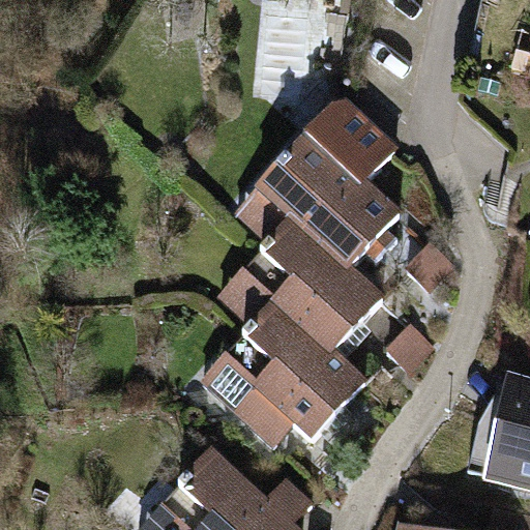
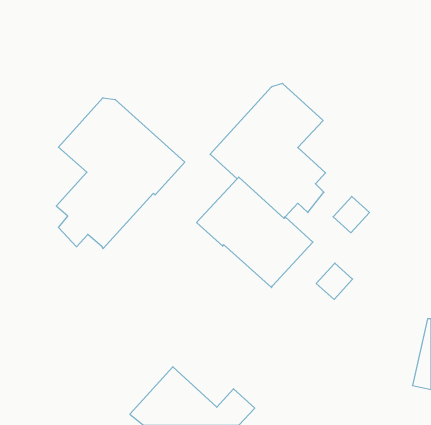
building: none -> [56,98,185,249]
building: [223,300,366,443] -> none

